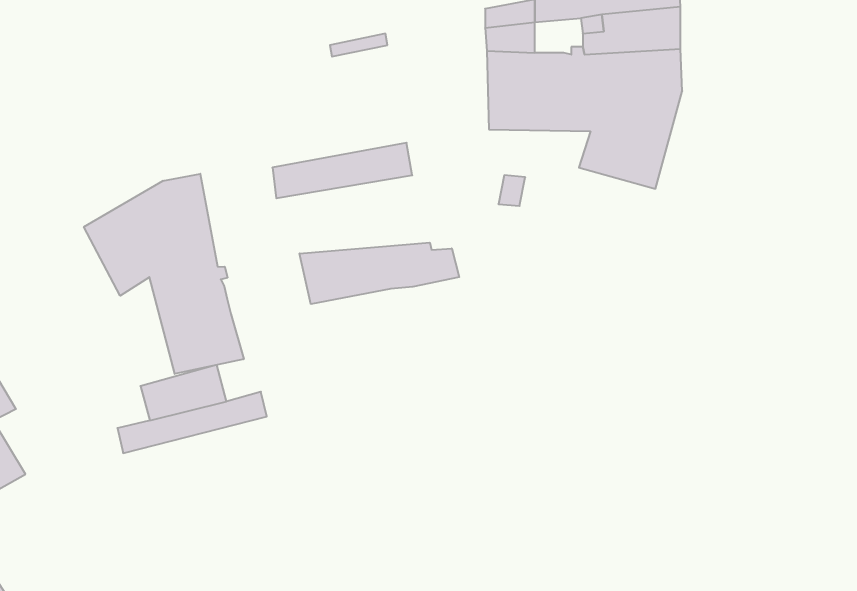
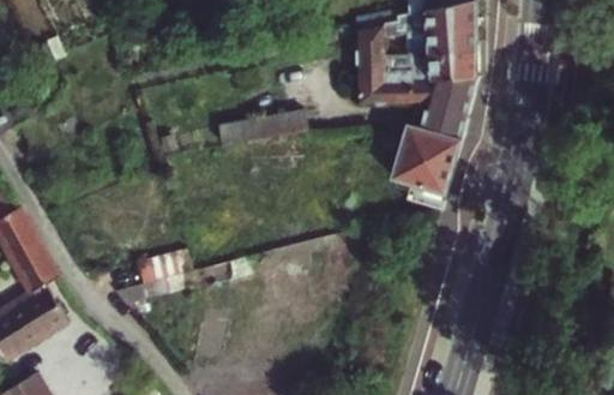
building: none -> [393,125,460,192]
building: [84,174,244,374] -> none
building: [300,243,459,304] -> none

